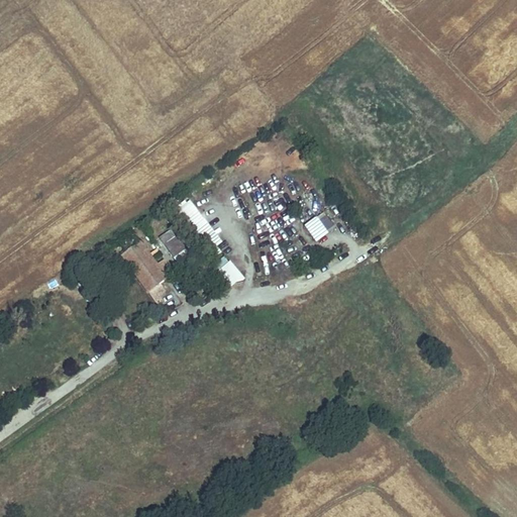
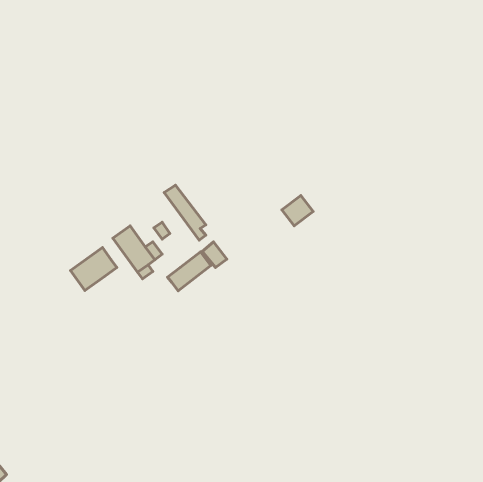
building: none -> [70,247,117,291]
building: none -> [168,252,211,291]

